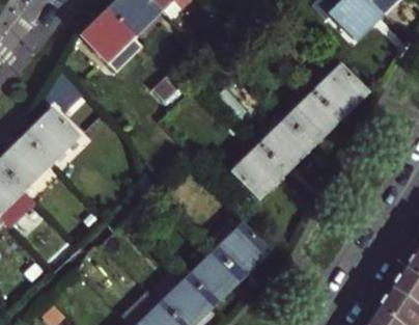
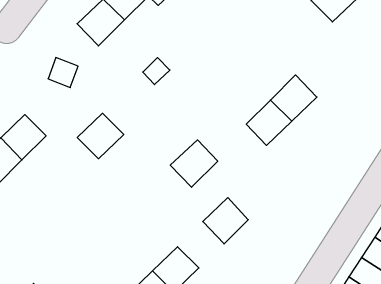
building: [317,69,366,117] -> none
building: [27,110,77,159] -> [77,113,124,159]
building: [235,146,286,197] -> [170,140,218,187]
building: [191,251,241,301] -> none

